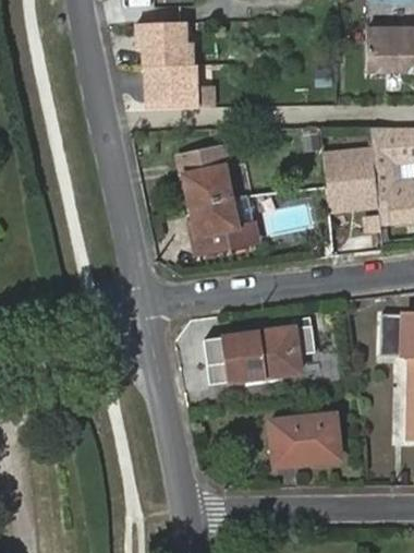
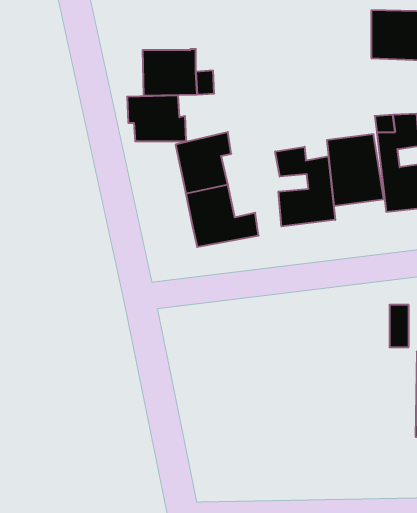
building: [136,22,193,65] -> [127,96,186,141]
building: none -> [275,147,335,226]
building: [202,323,316,380] -> none
building: [273,413,342,460] -> none

